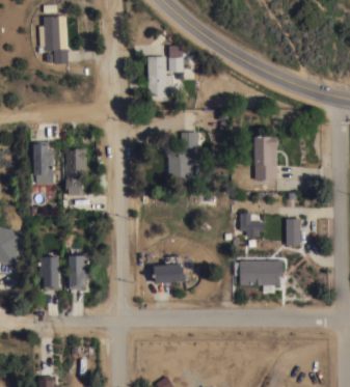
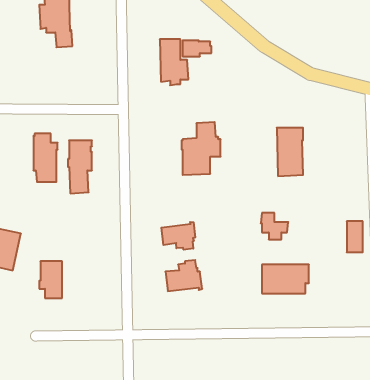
building: [286,219,300,247] -> [347,221,363,252]
building: none -> [161,222,195,250]
building: [69,256,90,289] -> none

